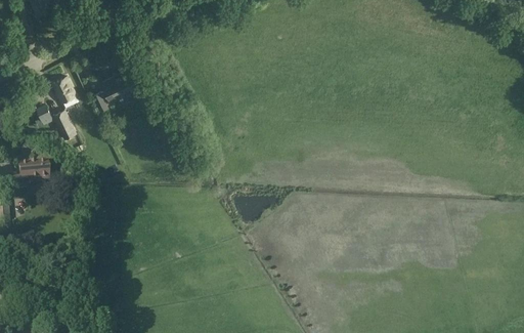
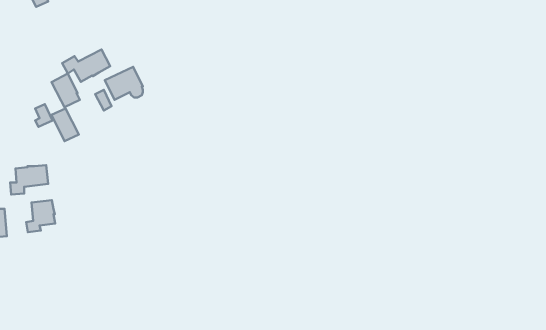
building: none -> [62,50,110,82]
building: none -> [26,200,55,232]

